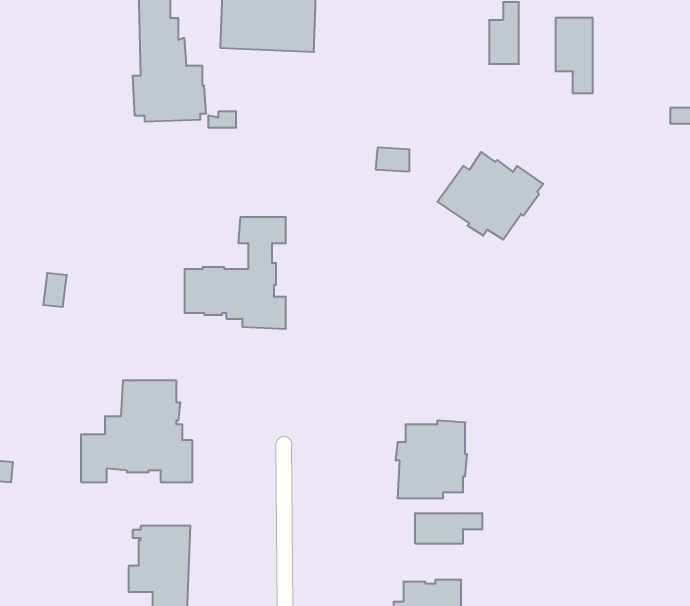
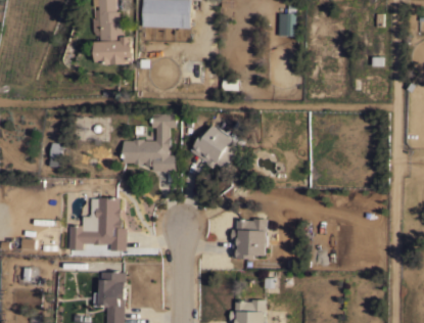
building: [556,18,593,93] -> none
building: [437,152,543,240] -> [190,126,244,171]
building: [415,513,482,544] -> none

